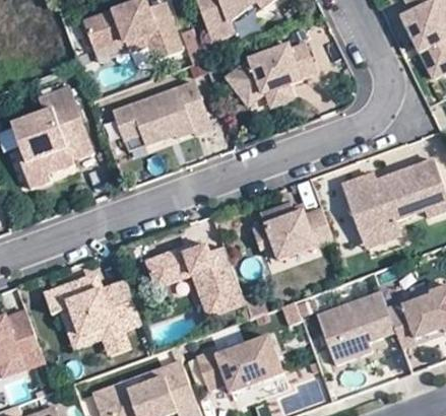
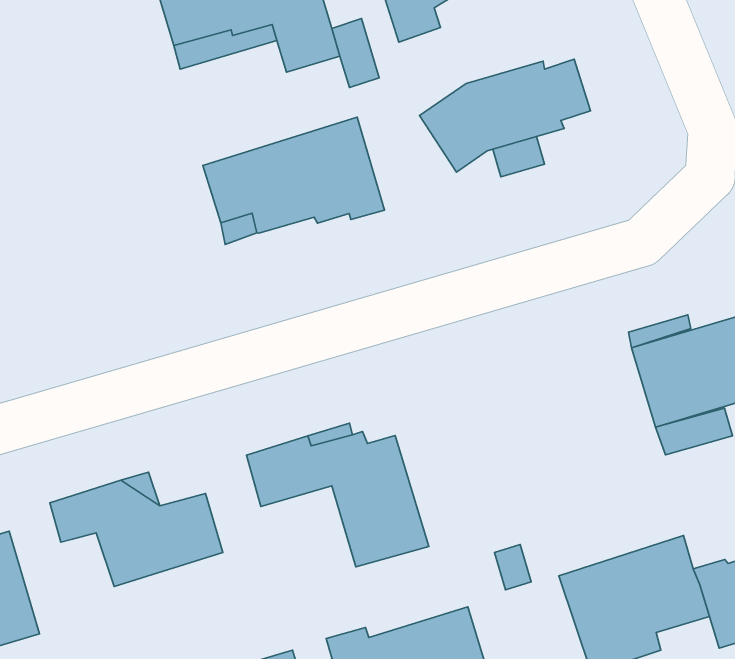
building: [12,86,91,187] -> none
building: [253,204,332,260] -> none
building: [58,306,142,355] -> none

